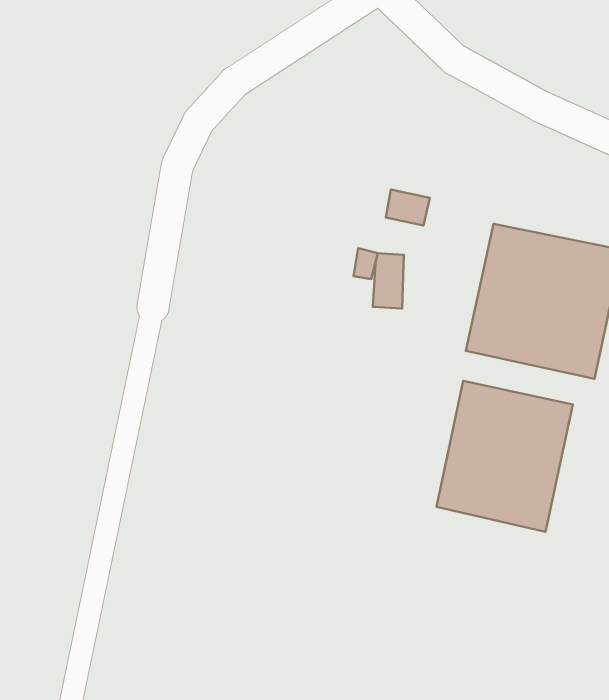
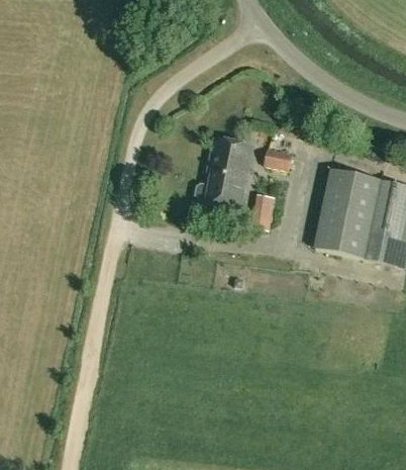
building: none -> [194,137,251,207]
building: [437,381,573,532] -> none

